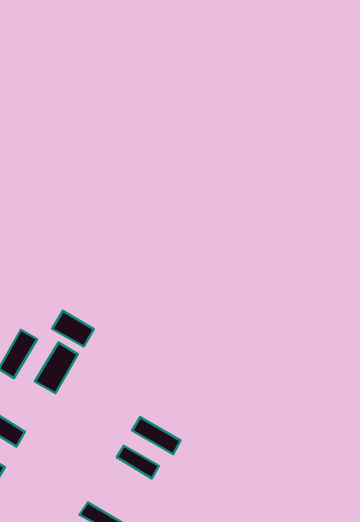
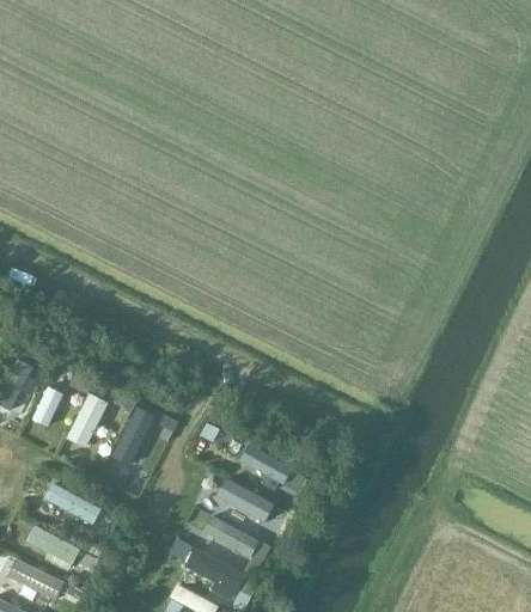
building: [52,311,94,347] -> none
building: none -> [239,445,293,485]
building: none -> [187,549,243,590]

